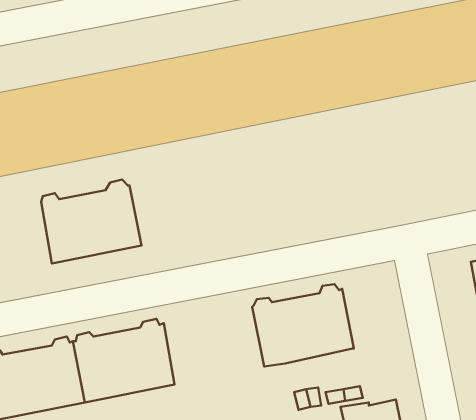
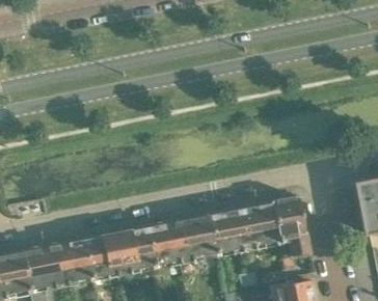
building: [41,180,141,263] -> [146,210,216,268]
building: none -> [269,195,306,257]

